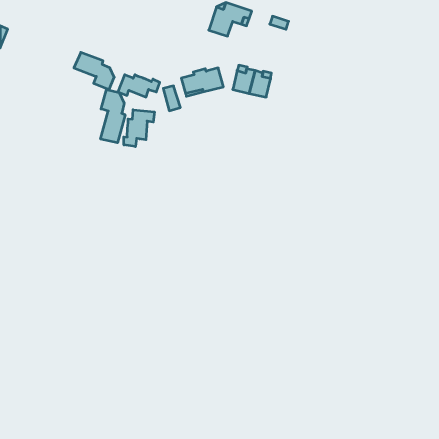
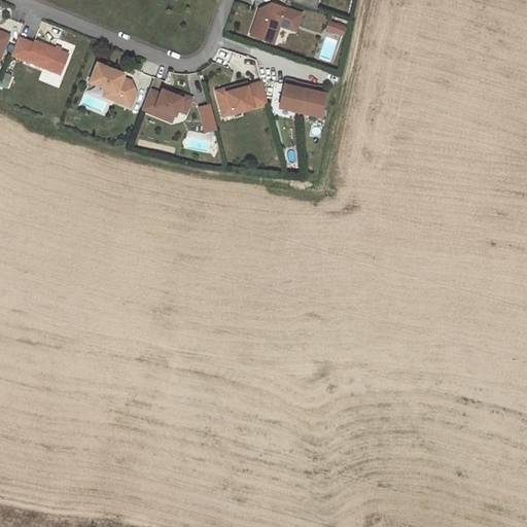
building: none -> [11,37,68,74]
building: [101,89,125,143] -> none
building: [124,110,154,147] -> none

